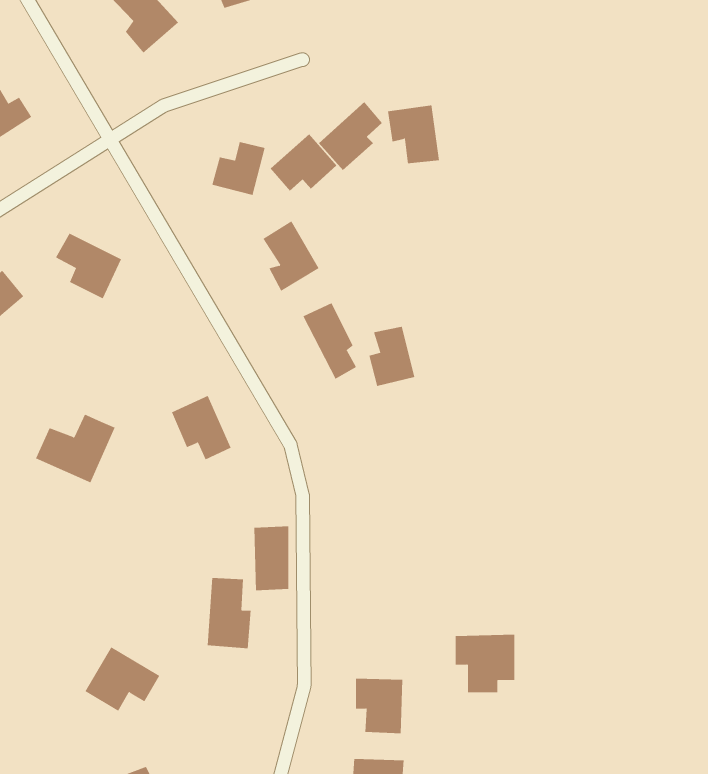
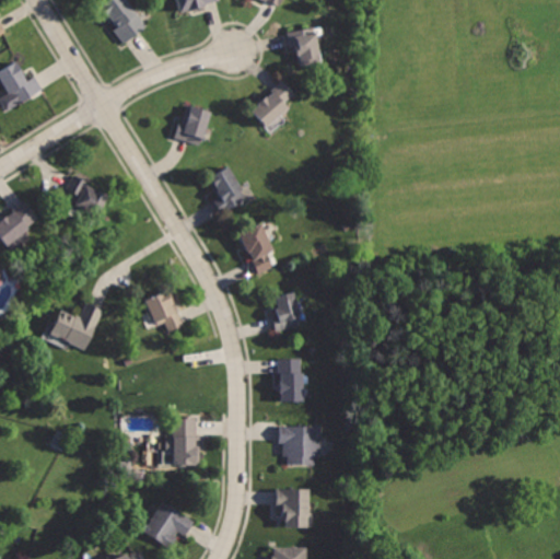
building: [387,105,440,164] -> [284,26,322,68]
building: [270,133,337,192] -> none
building: [369,326,415,386] -> [269,291,302,334]
building: [254,526,289,591] -> [278,358,303,404]
building: [455,634,515,693] -> [279,422,322,464]
building: [84,646,160,711] -> [144,501,198,547]

